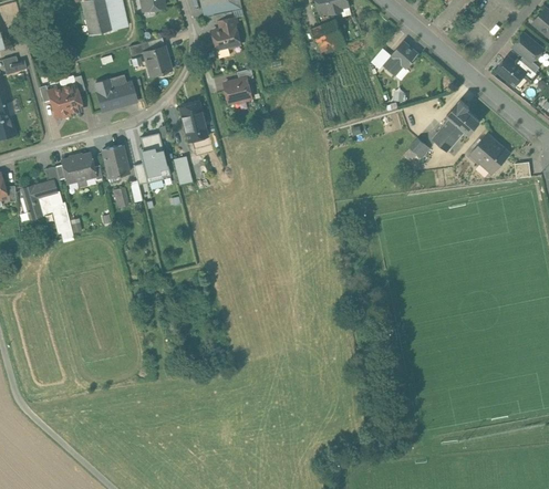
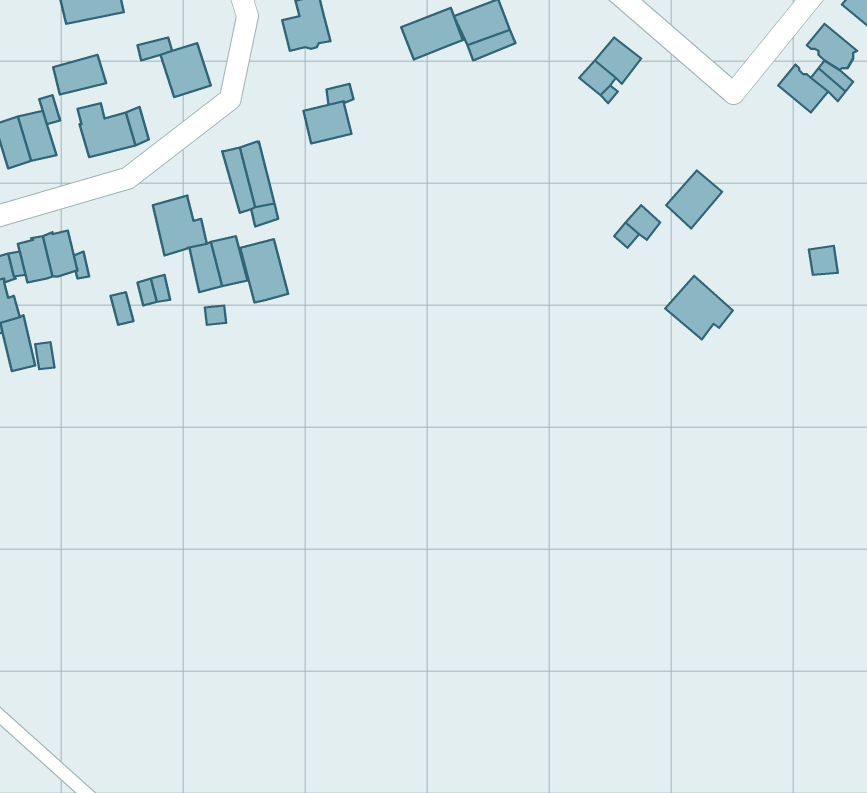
building: none -> [401,8,463,59]
building: none -> [53,55,106,95]
building: [447,100,480,134] -> none
building: [470,134,509,170] -> [665,276,733,339]
building: [102,145,128,178] -> none
building: none -> [240,239,288,303]

